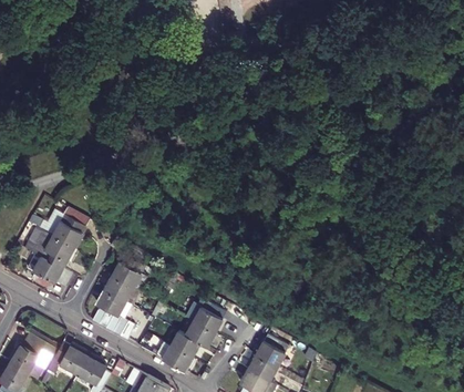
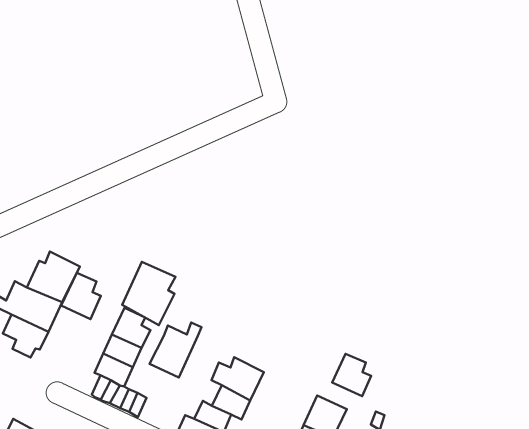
building: none -> [122,262,175,325]
building: none -> [61,273,101,319]
building: none -> [149,322,202,377]
building: none -> [332,354,371,396]

